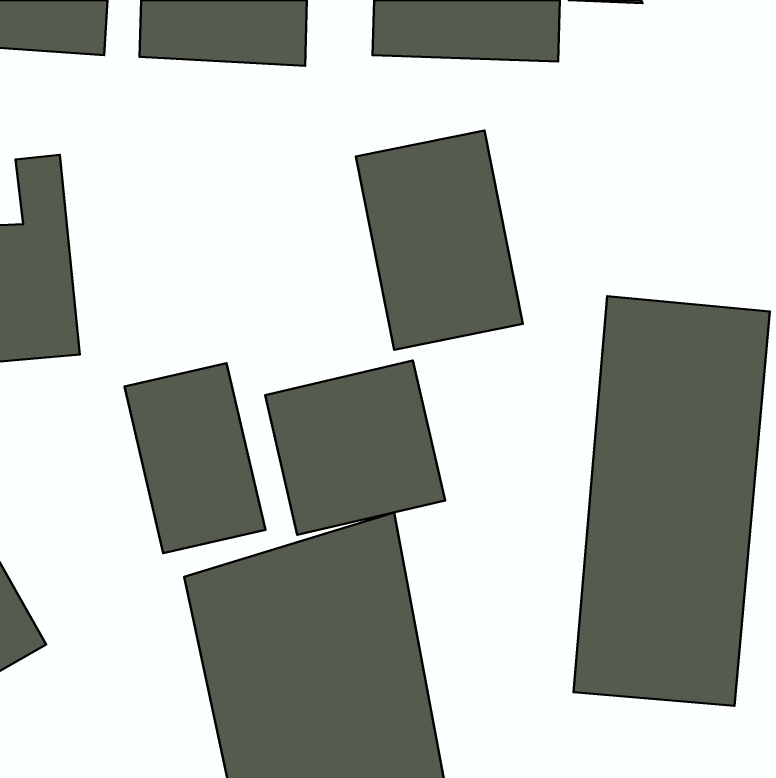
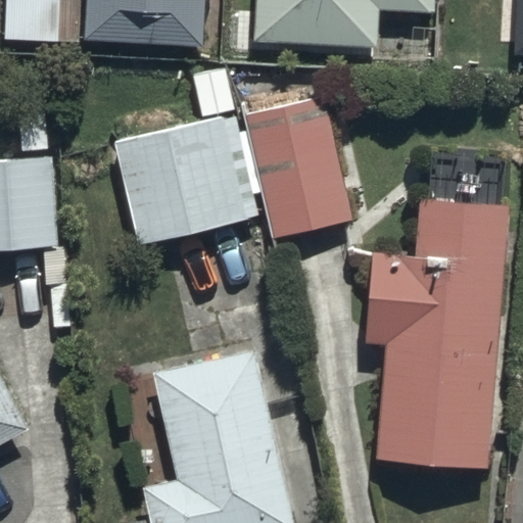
building: none -> [109,66,251,238]
building: [265,361,445,535] -> none
building: [125,363,265,553] -> none

